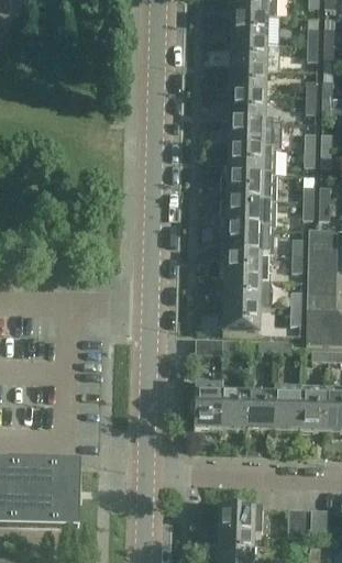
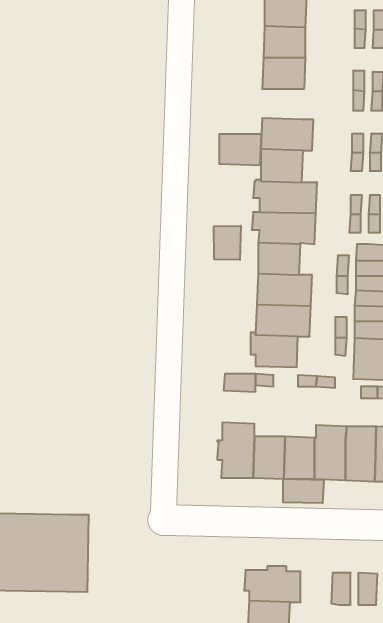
building: [230,95,266,121] -> [219,134,261,165]
building: none -> [214,226,241,260]
building: none -> [283,479,324,503]

